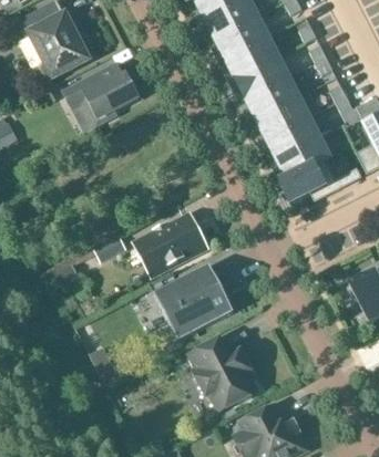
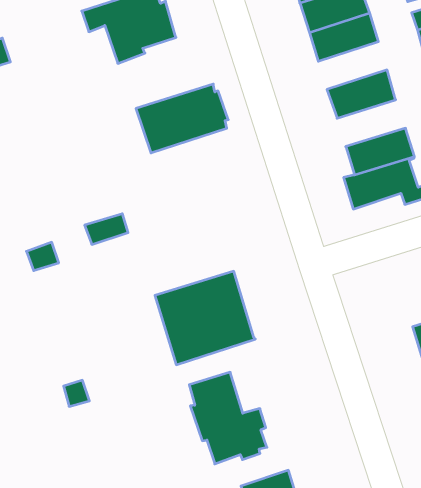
building: [245,71,307,117] -> none
building: [266,116,318,157] -> none
building: [134,215,204,273] -> [136,84,228,153]

